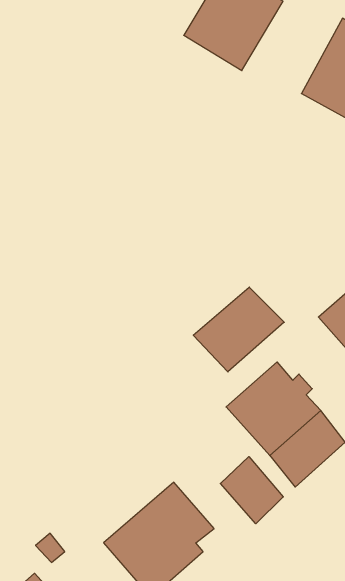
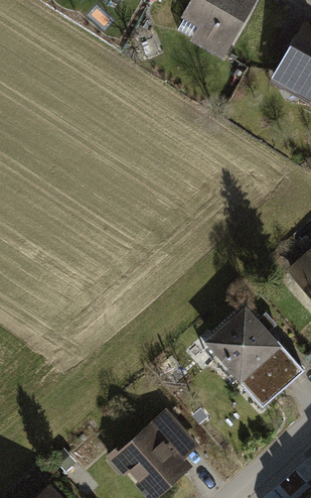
building: [193,287,284,372] -> none
building: [220,457,283,524] -> none

